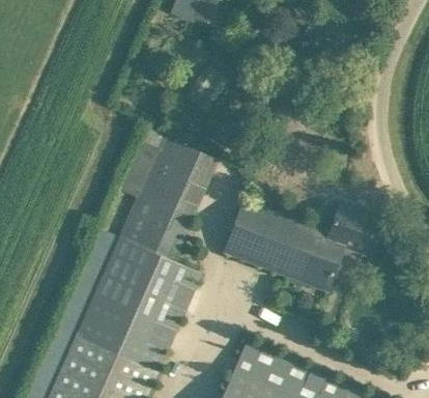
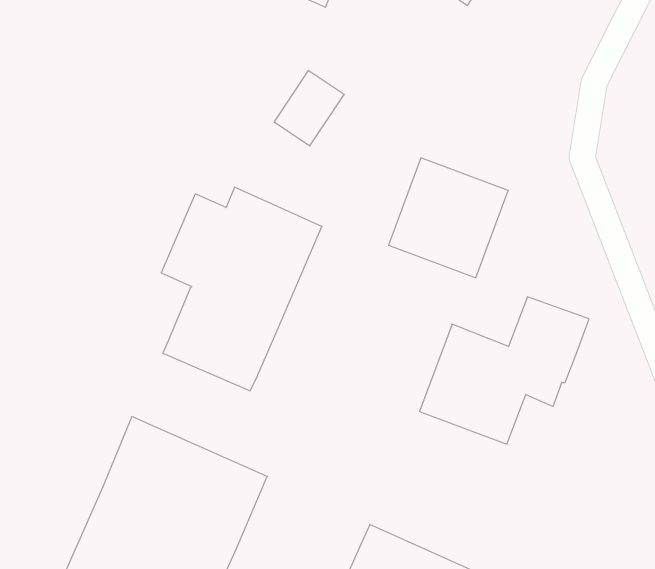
building: [222,202,294,275] -> [388,158,508,278]
building: [101,238,200,314] -> none

